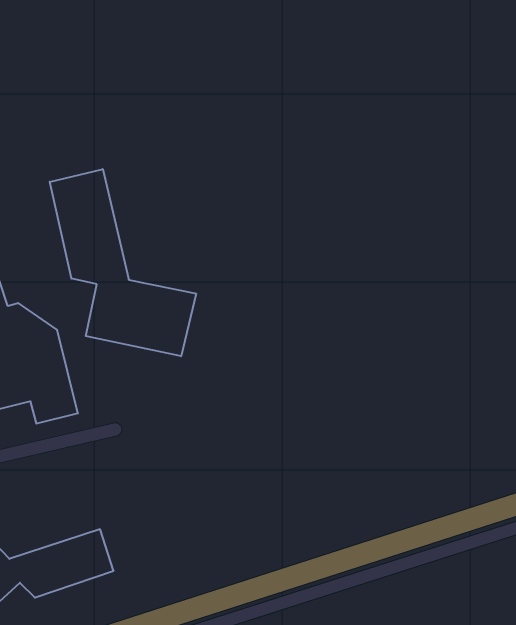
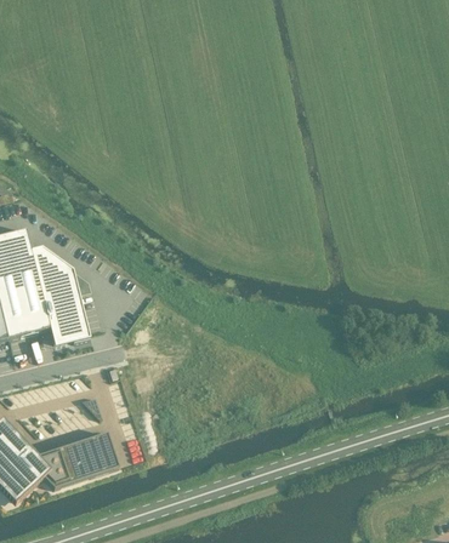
building: [50,169,196,356] -> none

